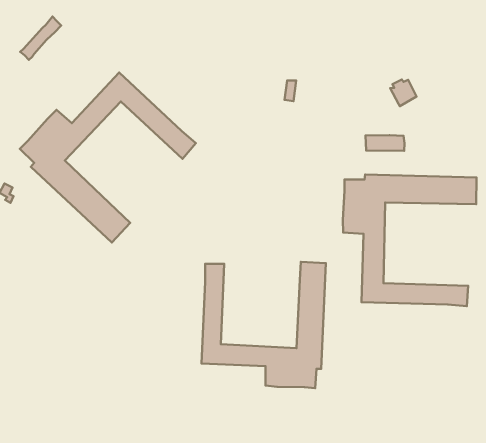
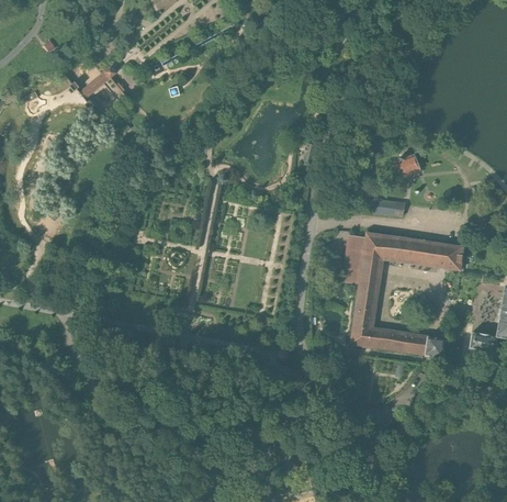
building: [20,73,196,242] -> none
building: [202,262,326,388] -> none

